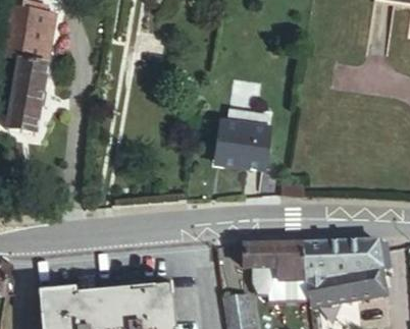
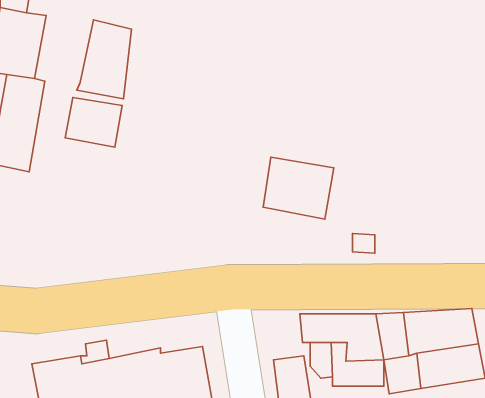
building: none -> [77,20,132,99]
building: none -> [65,98,122,147]

